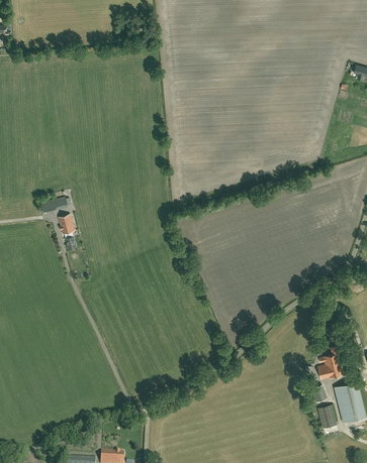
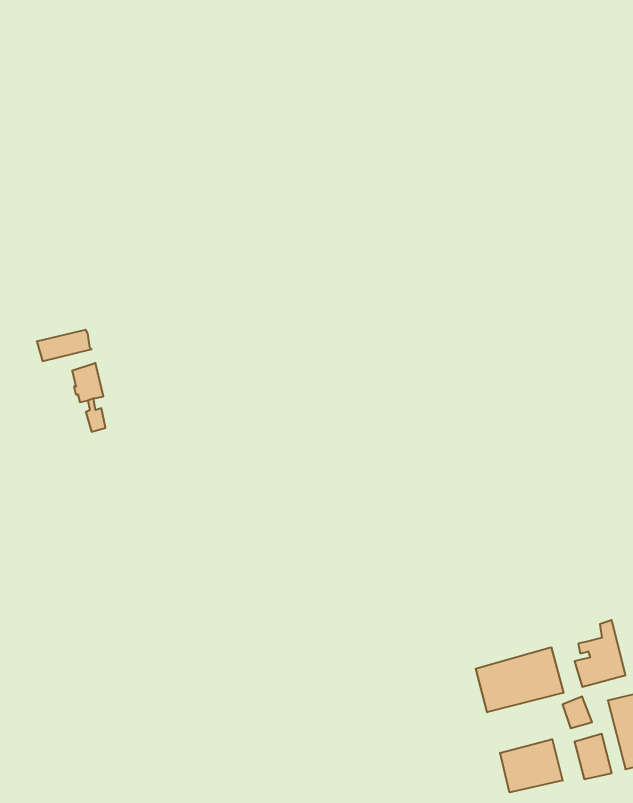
building: none -> [476,647,563,712]
building: none -> [500,739,563,792]

